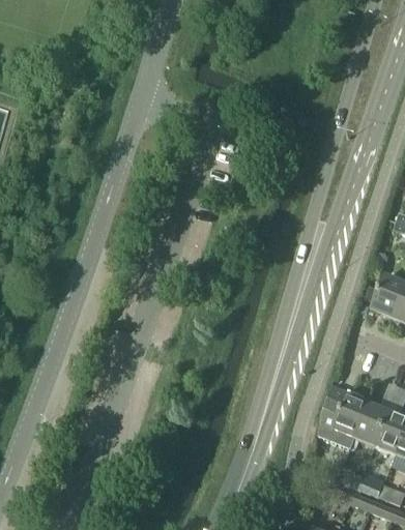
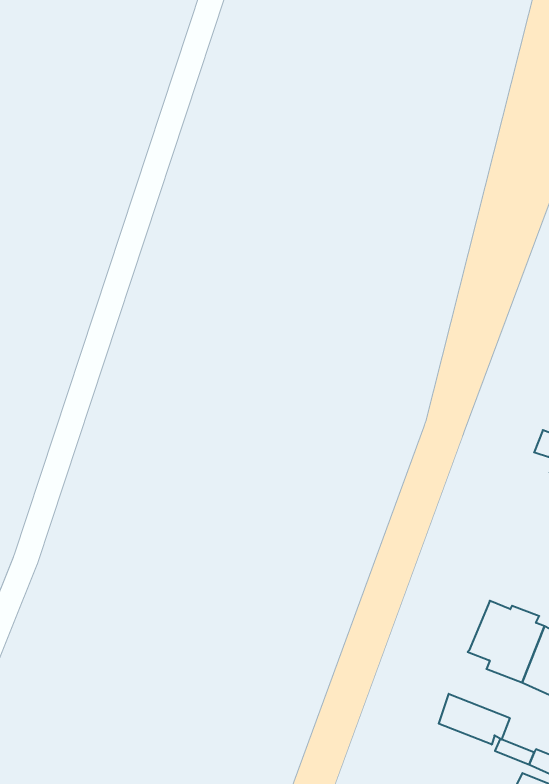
building: none -> [439,694,510,745]

